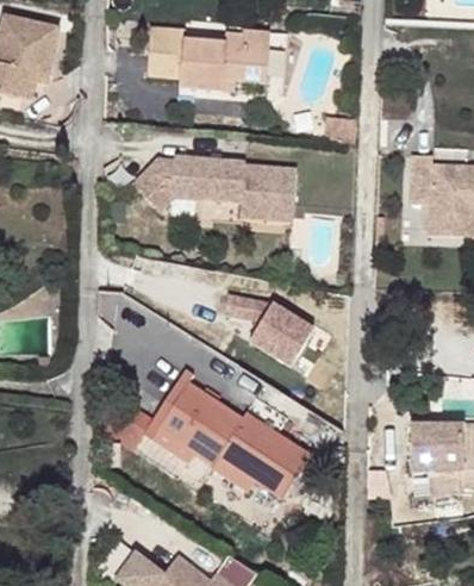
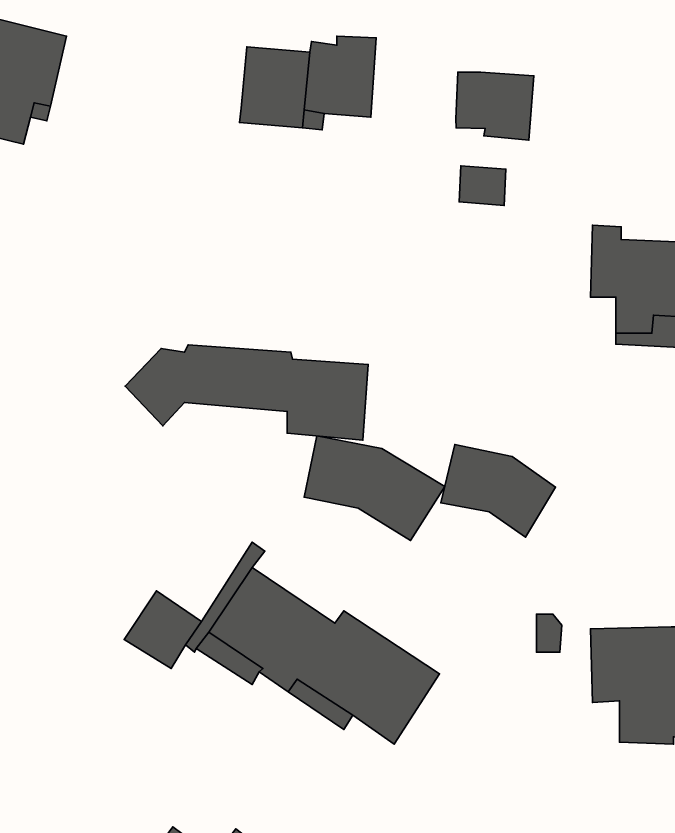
building: [146,26,183,77] -> none
building: none -> [456,72,534,140]
building: [132,157,293,220] -> [125,345,368,440]
building: none -> [441,445,555,537]

